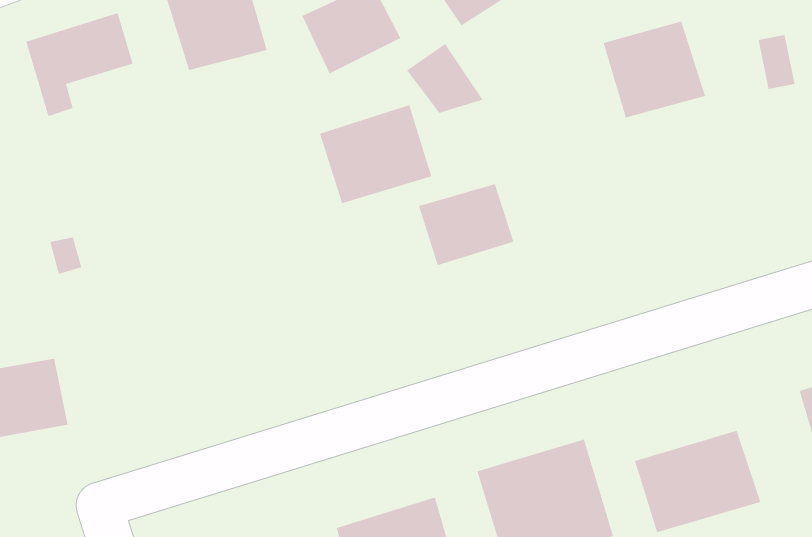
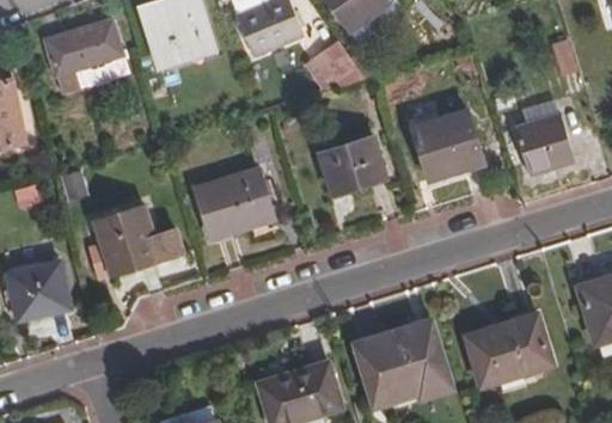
building: [603,21,706,118] -> [409,111,481,179]
building: [319,105,432,204] -> [191,171,270,240]
building: none -> [514,114,577,174]
building: none -> [97,210,184,275]

